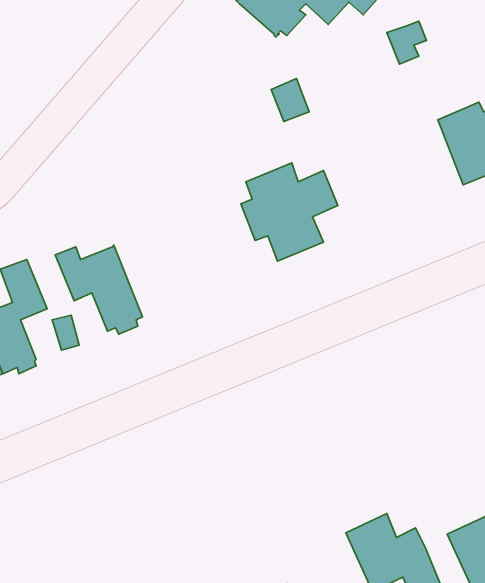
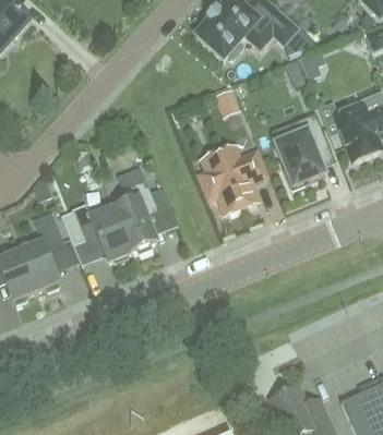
building: none -> [276,111,330,190]
building: none -> [109,179,157,253]

